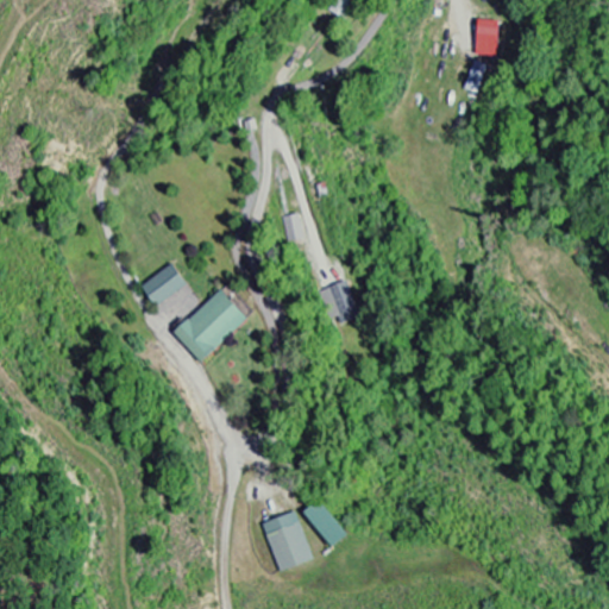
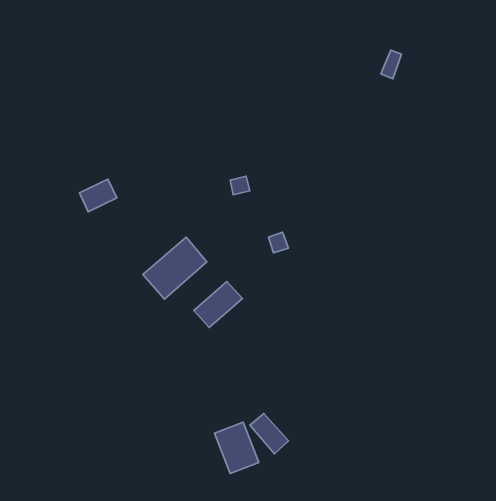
building: [476,20,502,57] -> none
building: [142,263,187,302] -> [79,179,117,212]
building: none -> [194,281,242,328]

